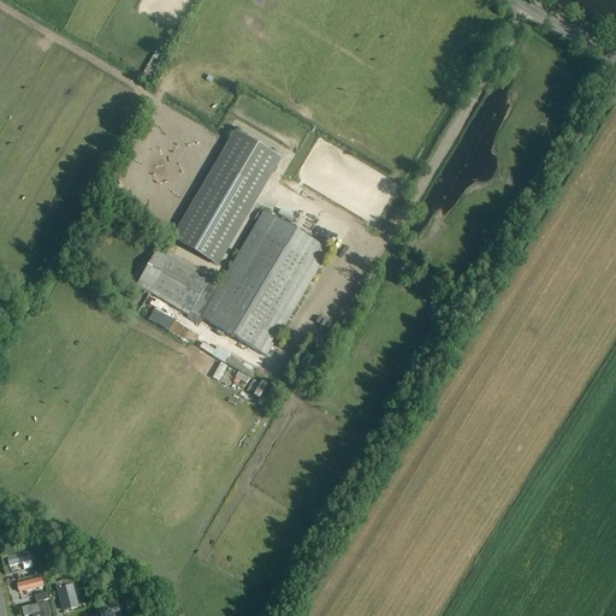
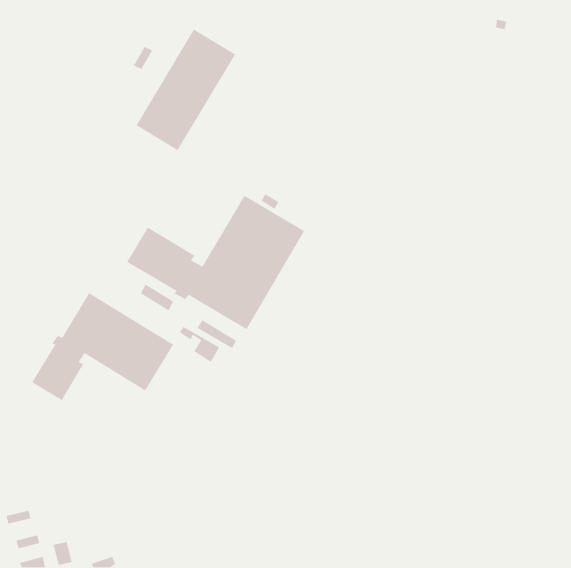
building: [173,129,282,261] -> [135,28,236,151]
building: none -> [31,292,174,401]

